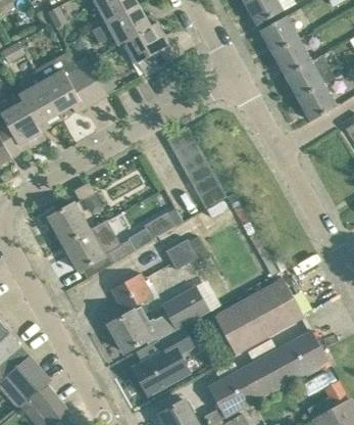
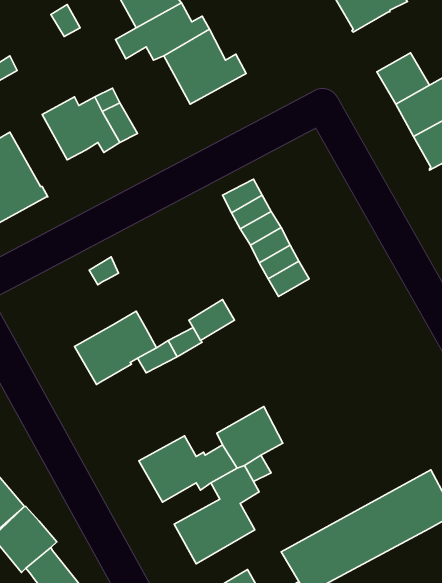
building: [260,17,297,53] -> none
building: [18,73,58,126] -> none
building: [48,203,89,244] -> none
building: [165,240,197,270] -> none
building: [111,273,153,312] -> none
building: [213,277,303,356] -> none

